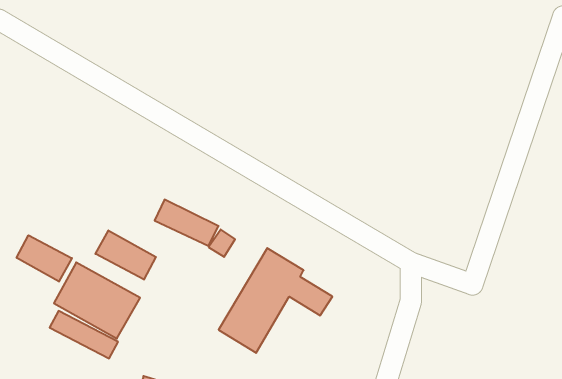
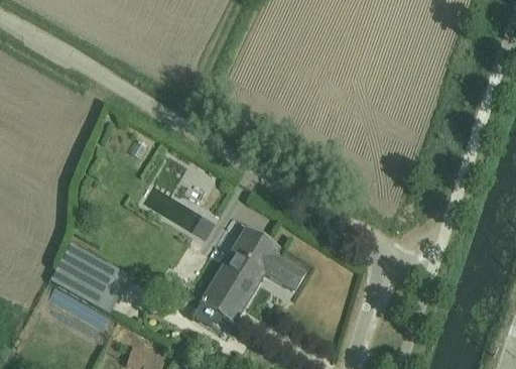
building: [95,230,156,280] -> none
building: [17,235,72,282] -> none

